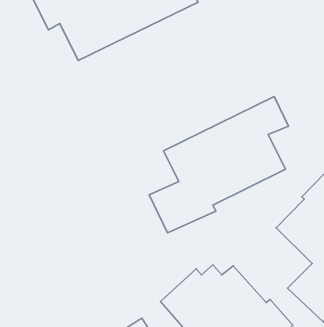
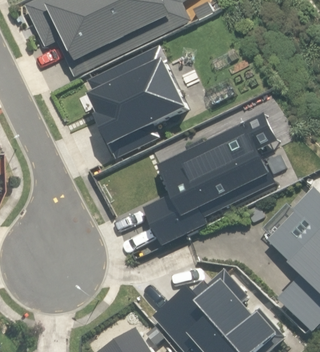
building: none -> [91,46,192,159]

